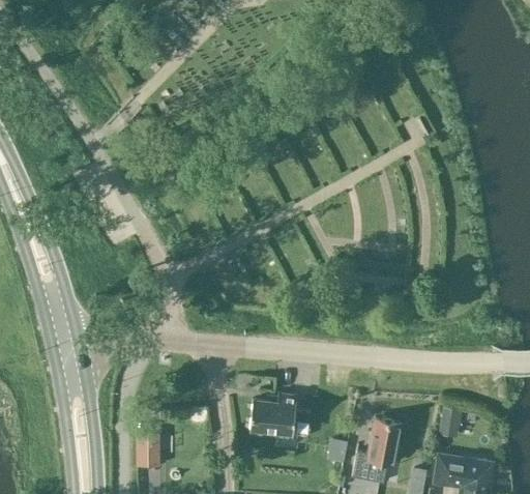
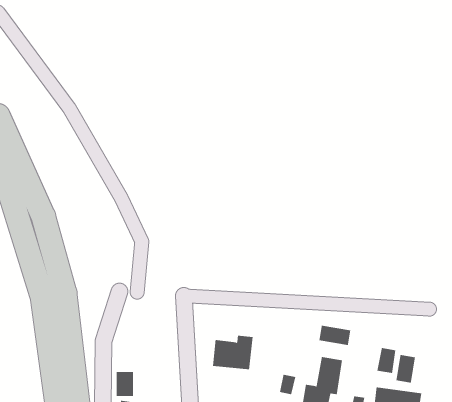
building: none -> [319,325,351,346]
building: none -> [396,354,416,383]

